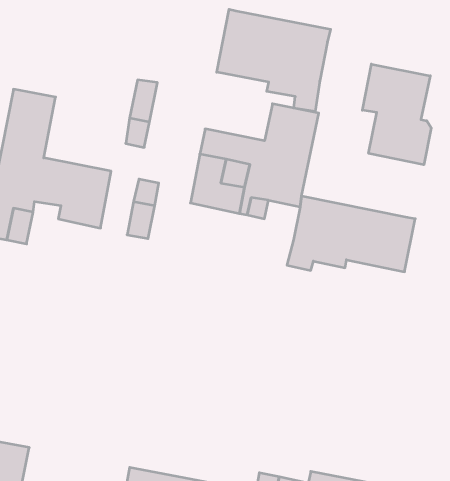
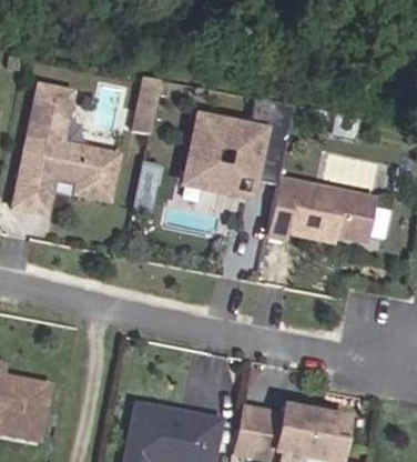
building: [217,9,331,112] -> none
building: [362,64,431,165] -> none

